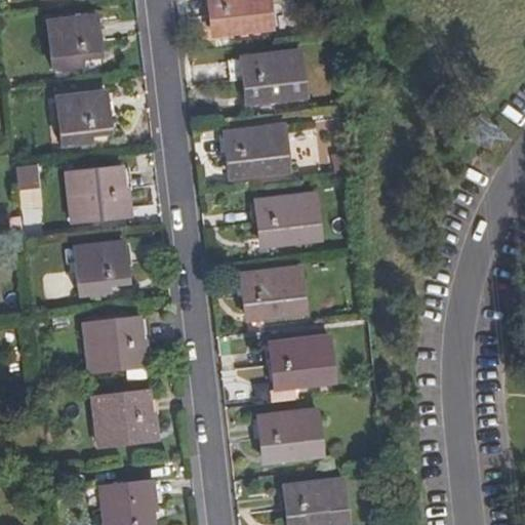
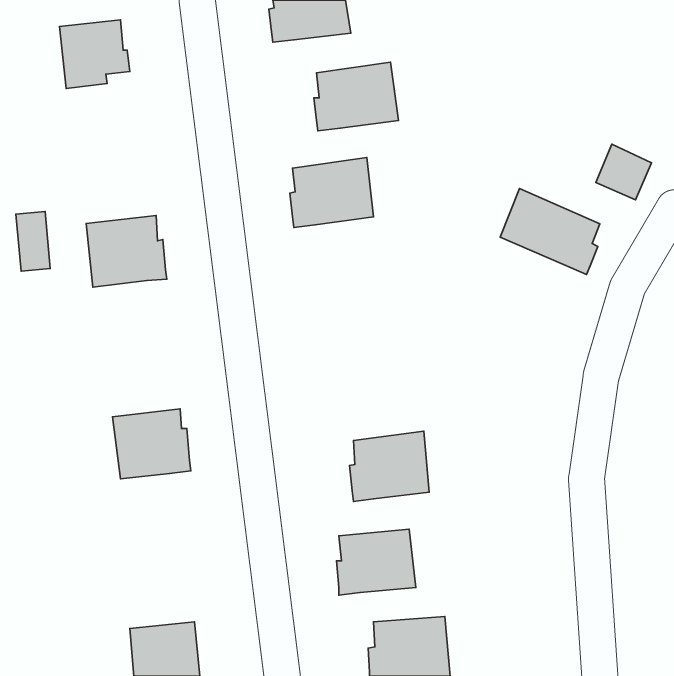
building: [55,92,111,146] -> none
building: none -> [500,189,600,274]
building: [257,192,322,246] -> none
building: [70,243,128,295] -> none
building: [244,266,309,321] -> none
building: [92,391,157,447] -> none

